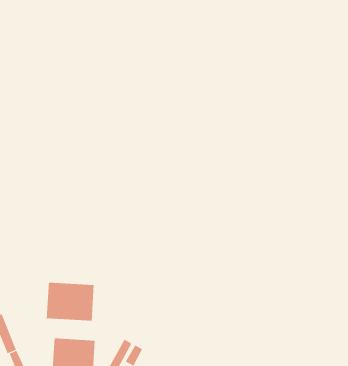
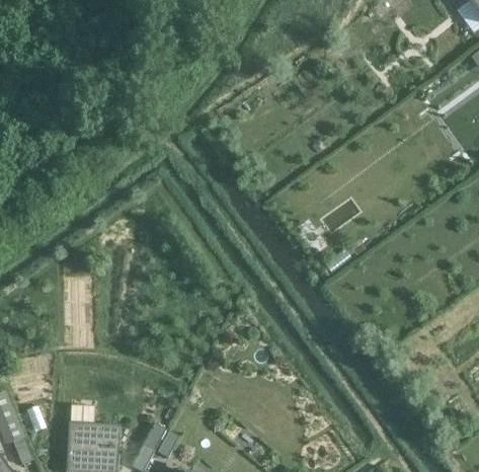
building: [46,282,94,321] -> none

